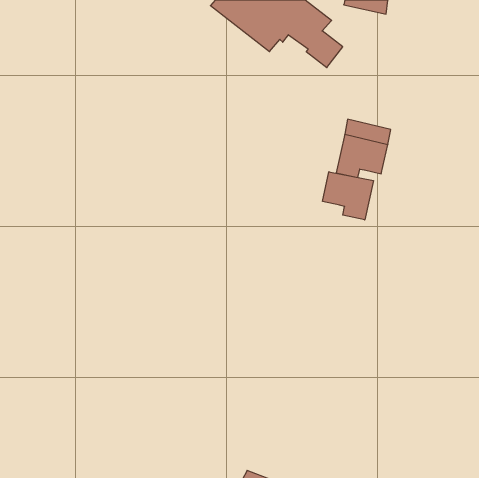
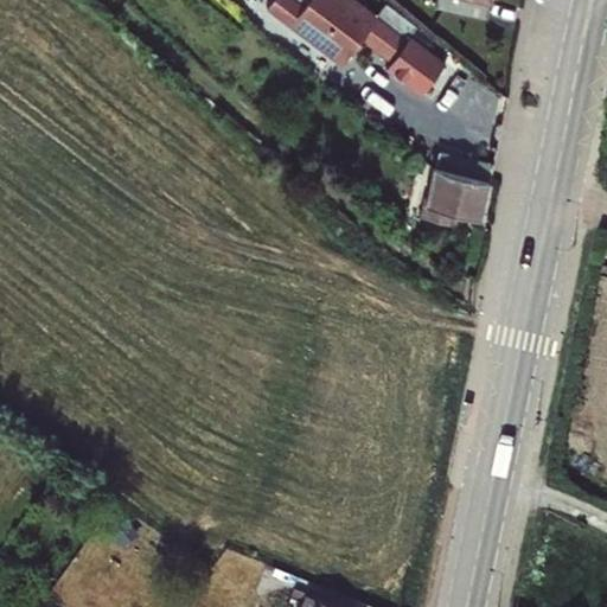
building: [323,172,373,220] -> none

